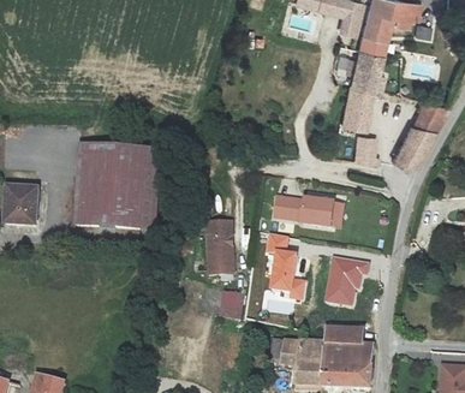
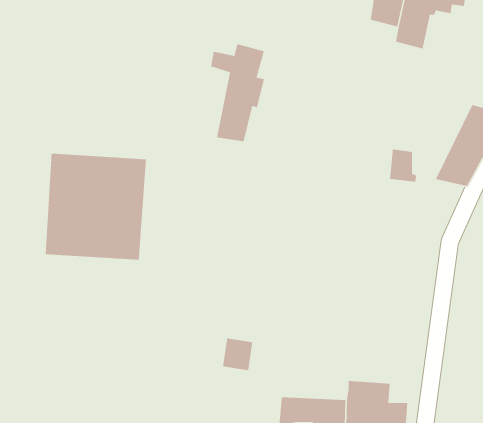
building: [339,50,383,131] -> [210,43,265,142]
building: [274,195,342,225] -> none
building: [205,219,233,273] -> none
building: [268,233,305,299] -> none
building: [327,257,368,303] -> none

